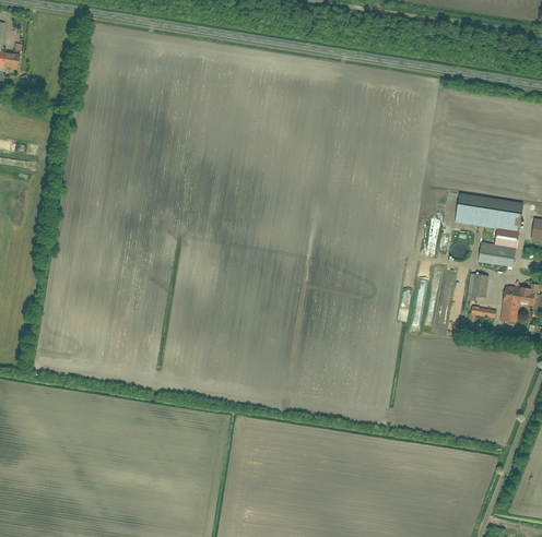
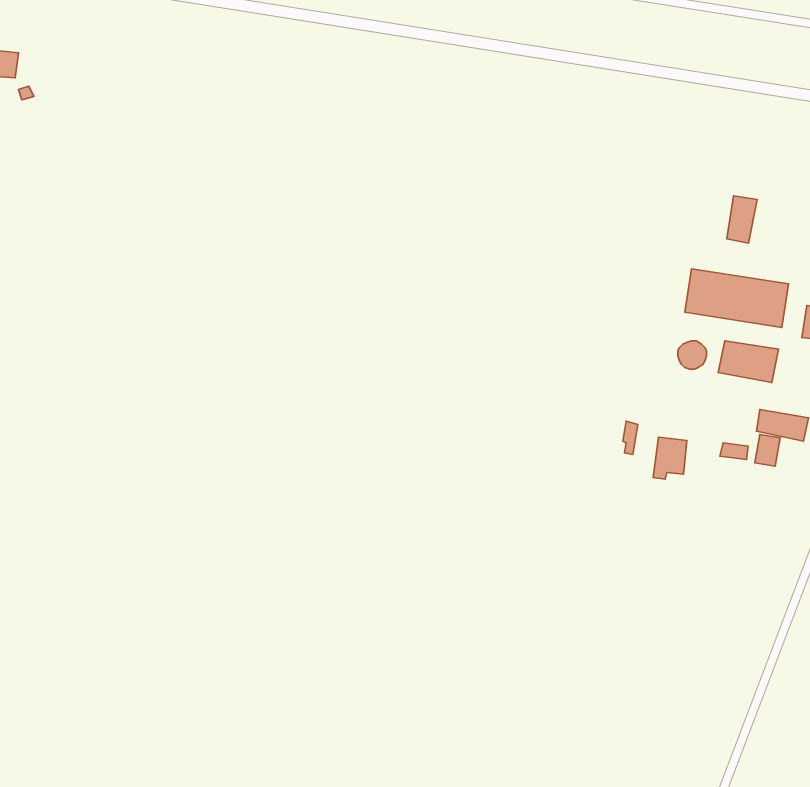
building: none -> [727,196,757,243]
building: [468,272,490,299] -> [653,437,687,479]

